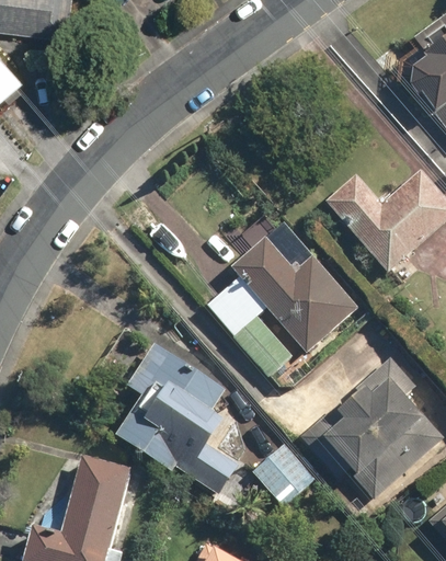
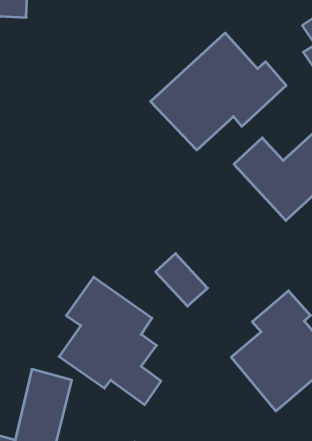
building: none -> [151,33,286,150]
building: [233,239,358,353] -> none
building: [255,444,315,503] -> none

